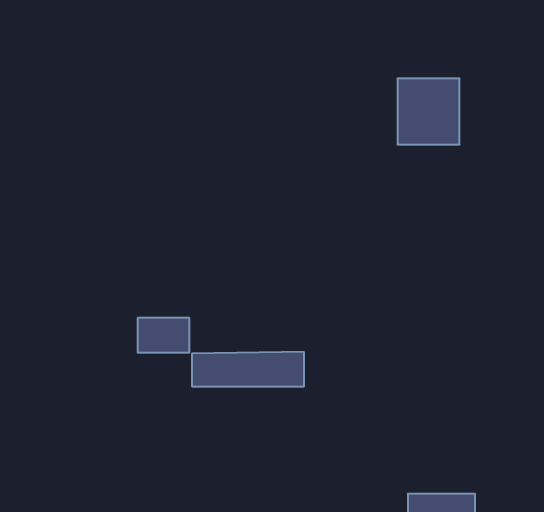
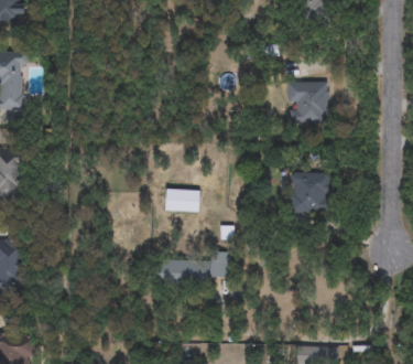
building: none -> [291,172,328,212]
building: [138,318,189,353] -> [166,189,199,211]

